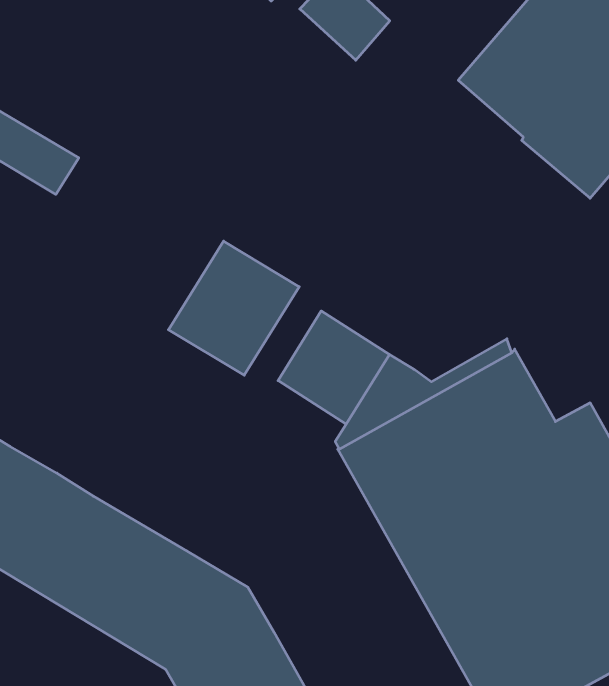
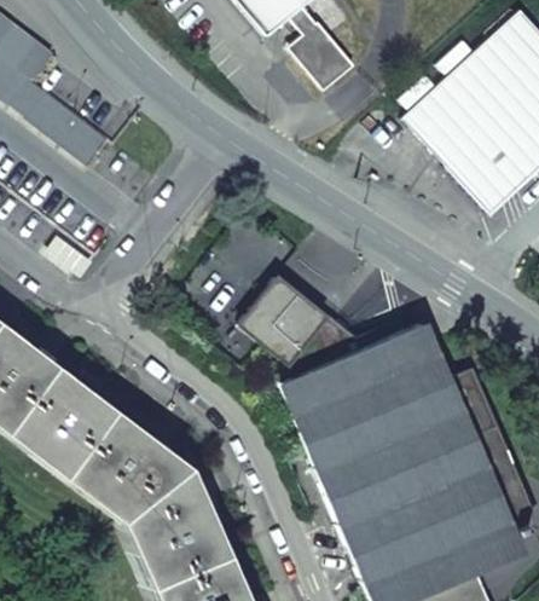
building: [168,241,299,375] -> none

